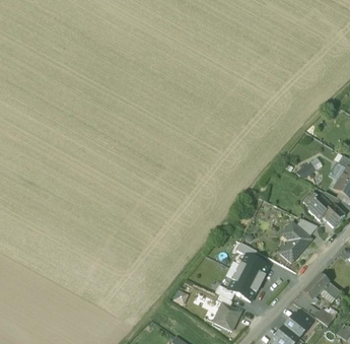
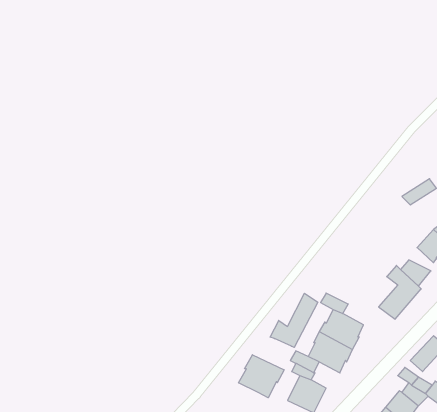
building: none -> [270,293,318,347]
building: none -> [239,355,284,398]

